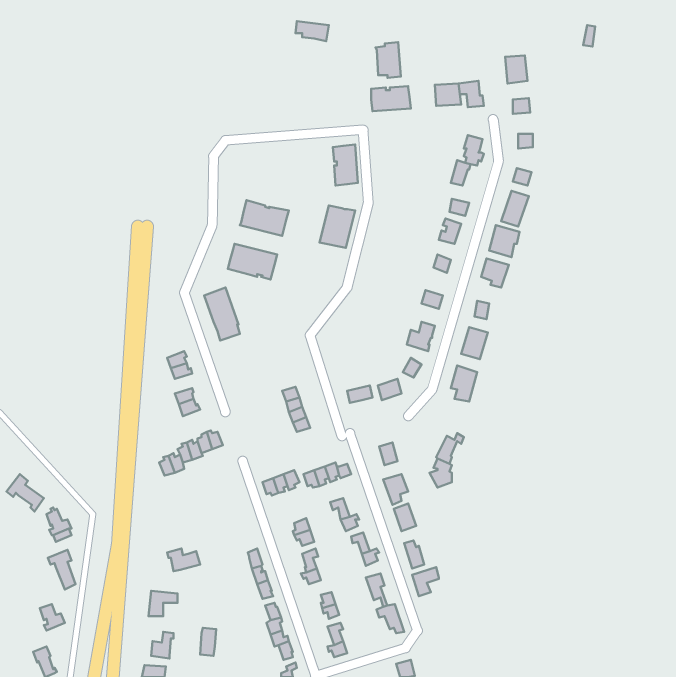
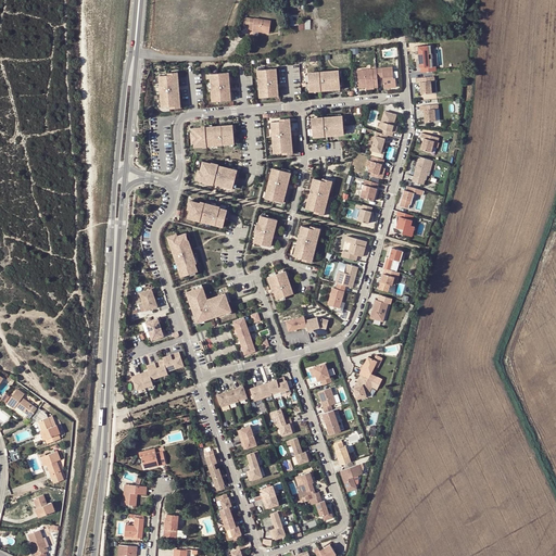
building: [376,42,401,78] -> [257,68,278,98]
building: none -> [211,72,230,101]
building: none -> [160,76,181,106]
building: none -> [307,115,341,137]
building: none -> [194,125,236,147]
building: none -> [303,178,332,213]
building: none -> [254,216,277,248]
building: none -> [292,226,317,261]
building: none -> [266,270,291,299]
building: none -> [185,287,229,323]

